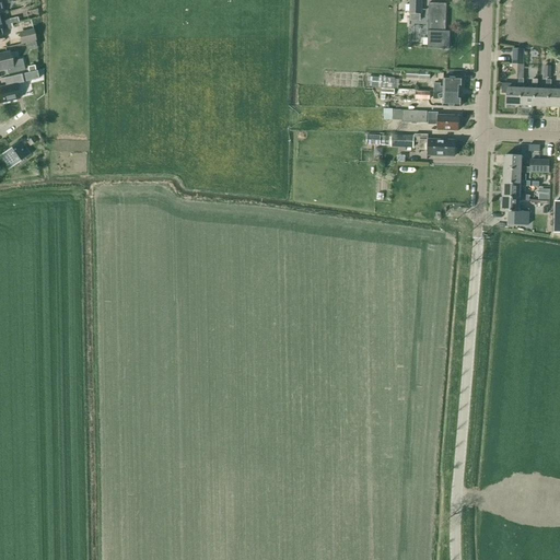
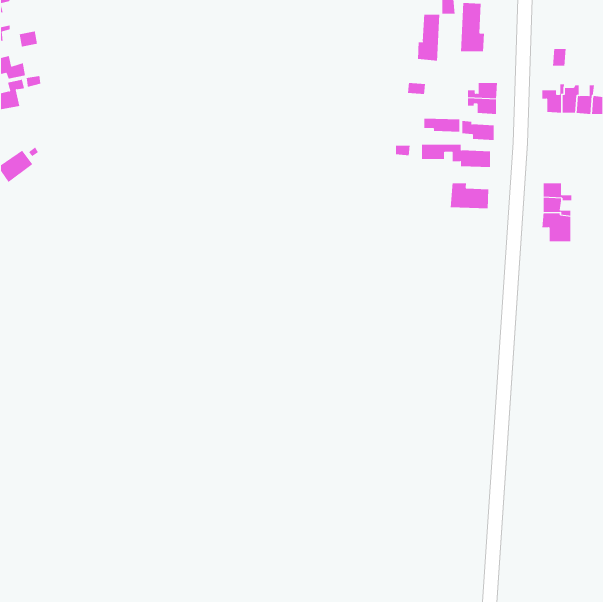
building: none -> [418,14,440,61]
building: [503,155,549,172] -> none
building: none -> [450,182,489,209]

